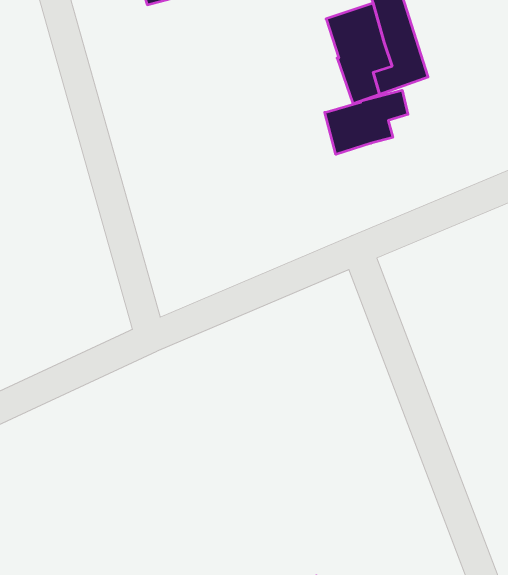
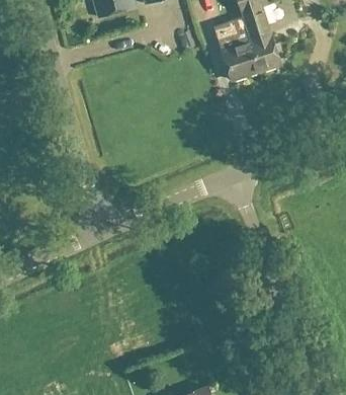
building: [325,90,408,154] -> none

